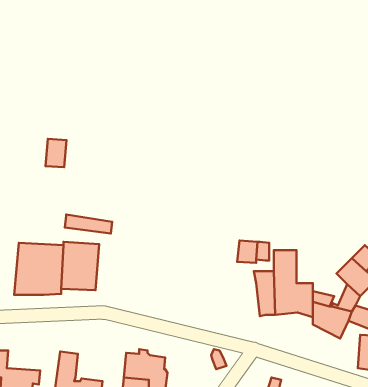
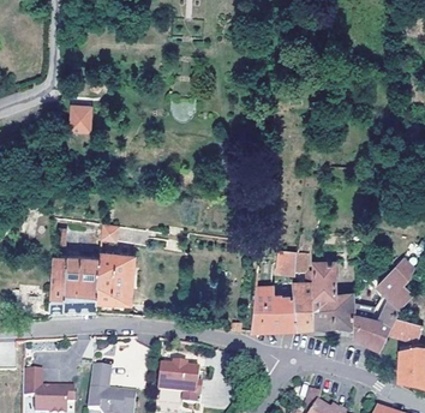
building: [45,139,67,167] -> [73,103,95,132]
building: none -> [252,286,299,329]

